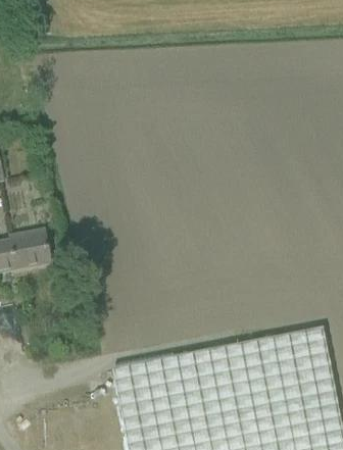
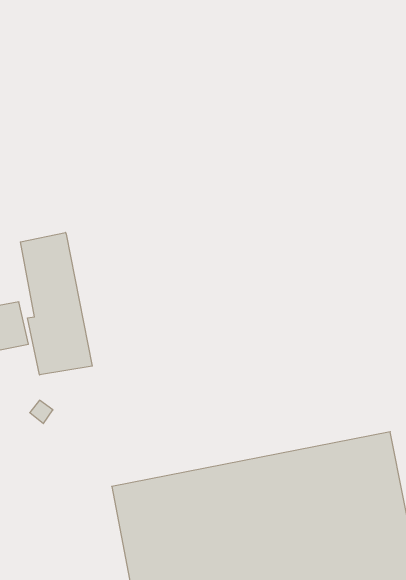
building: none -> [20,232,92,375]

